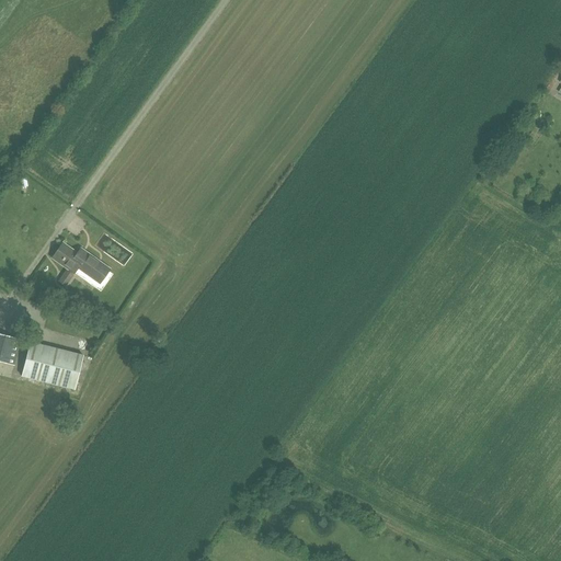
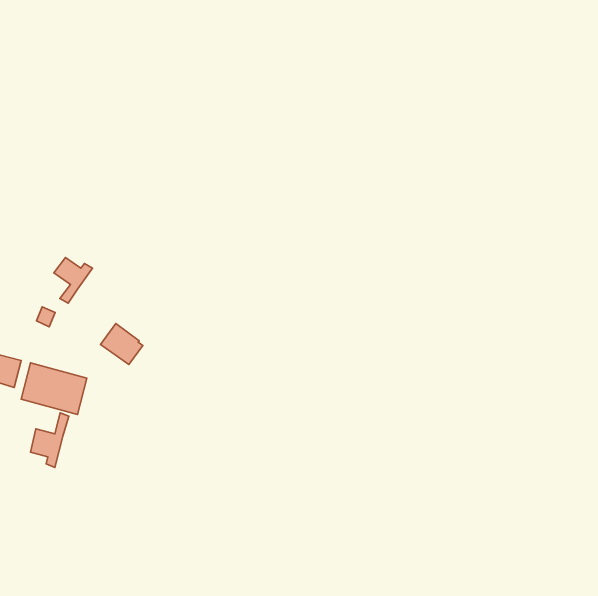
building: [72,251,112,289] -> [101,323,143,364]
building: none -> [30,413,69,467]

